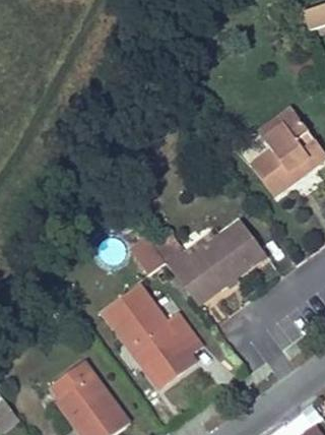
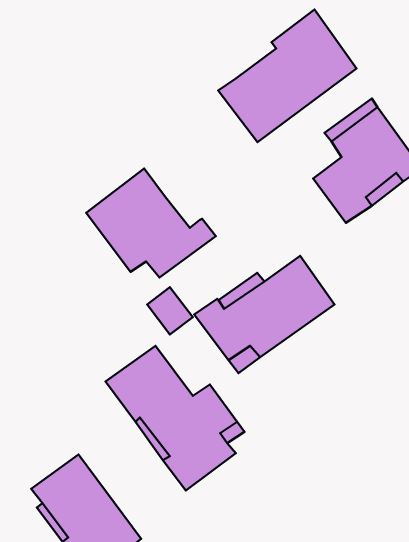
building: none -> [218,9,357,142]
building: none -> [86,169,216,278]

